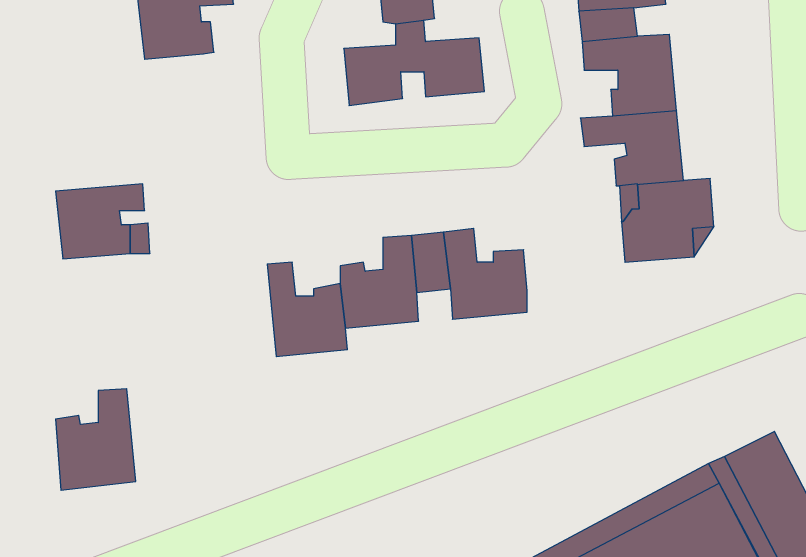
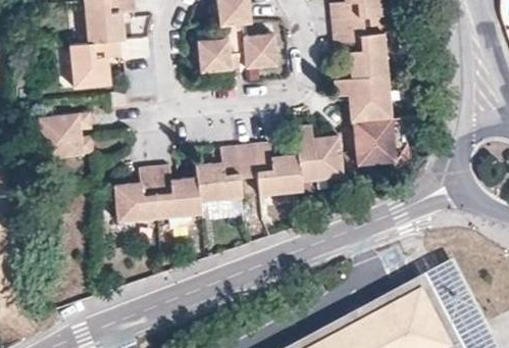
building: none -> [66,43,120,90]
building: none -> [300,125,346,179]
building: [56,389,136,490] -> [115,163,161,221]

